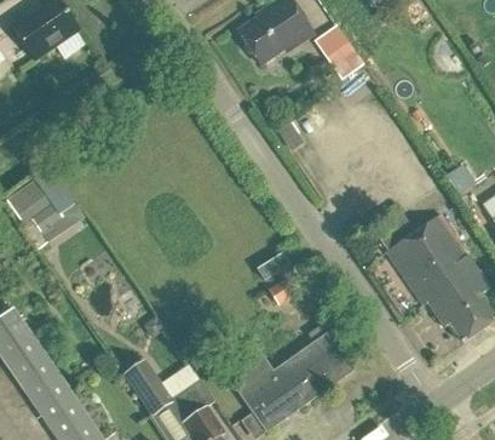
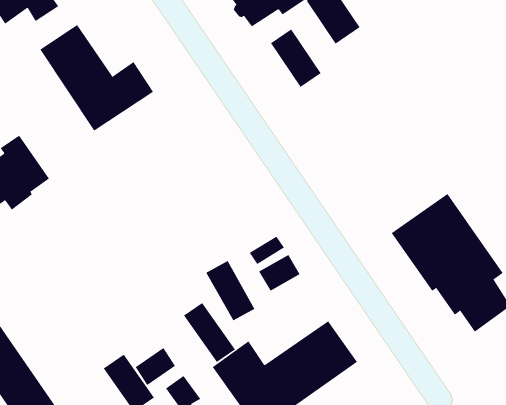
building: none -> [40,24,154,131]
building: none -> [270,28,322,88]
building: none -> [206,260,255,321]
building: none -> [183,302,236,363]

